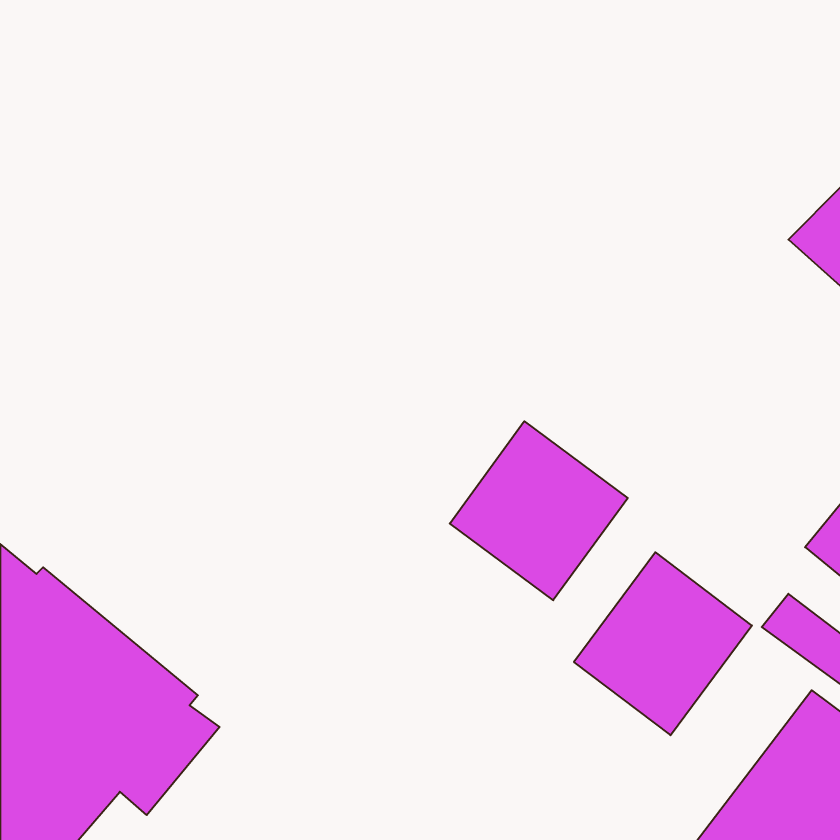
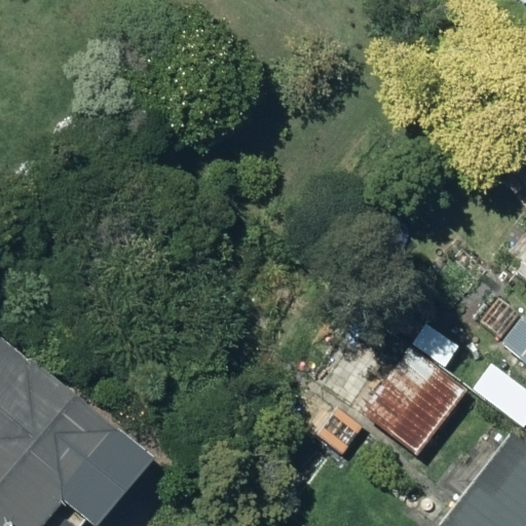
building: [450,421,628,600] -> none

